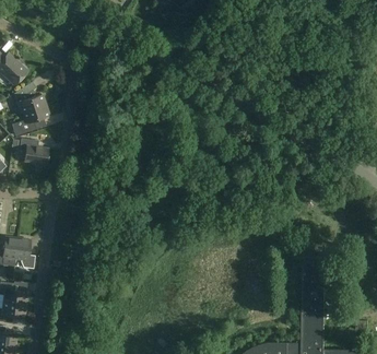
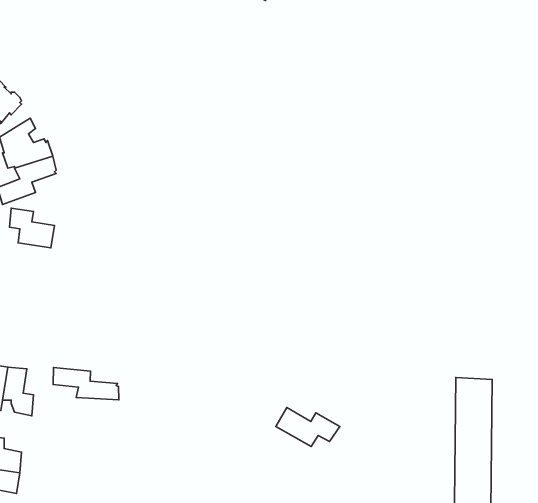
building: none -> [53,368,119,400]
building: none -> [276,408,340,447]

